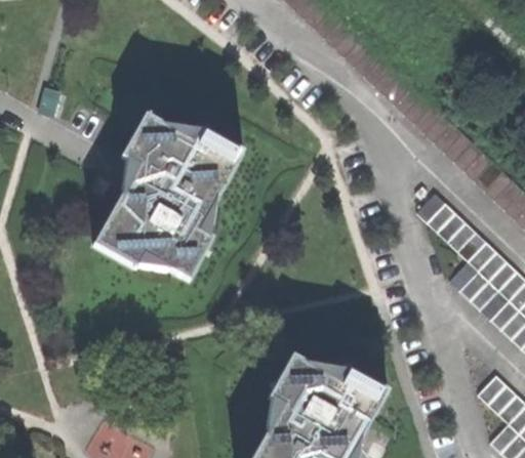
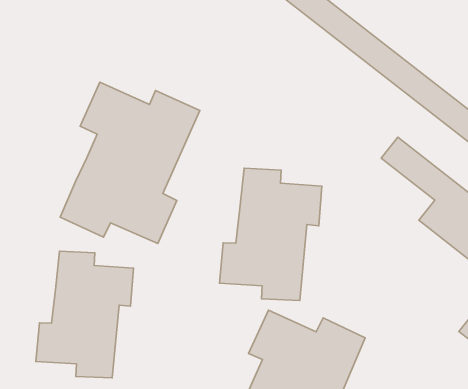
building: none -> [220,168,322,300]
building: none -> [36,251,134,378]

